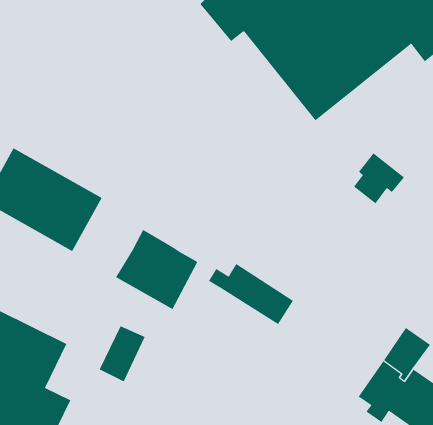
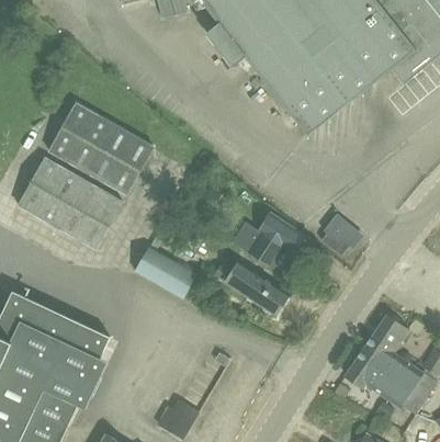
building: none -> [47,102,155,196]
building: [353,152,405,204] -> [317,212,362,257]
building: none -> [247,214,304,268]
building: [99,326,145,382] -> [74,330,114,379]

